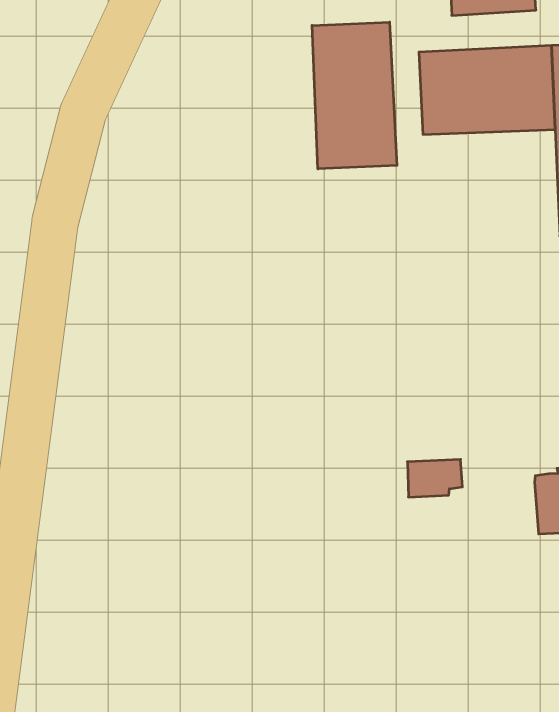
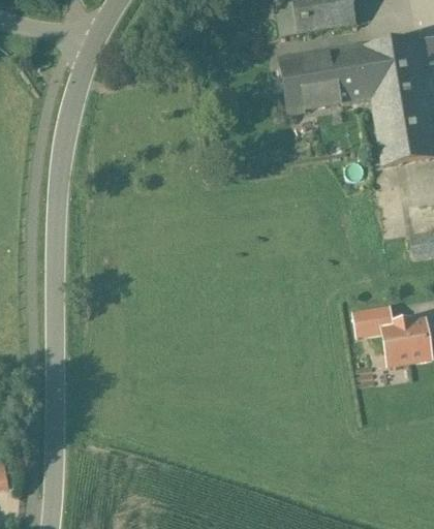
building: [312,22,397,169] -> none
building: [407,459,462,497] -> [353,306,391,334]

